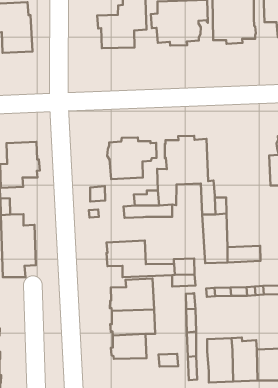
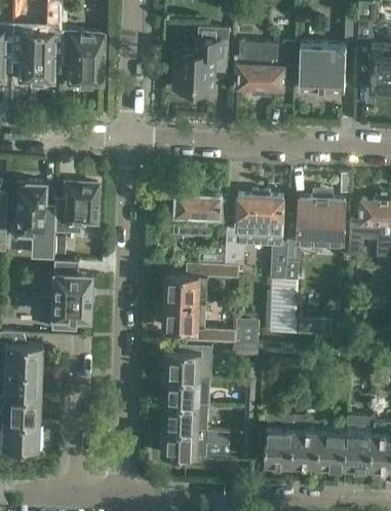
building: none -> [287,195,346,261]
building: none -> [165,276,207,303]
building: none -> [160,430,207,459]

